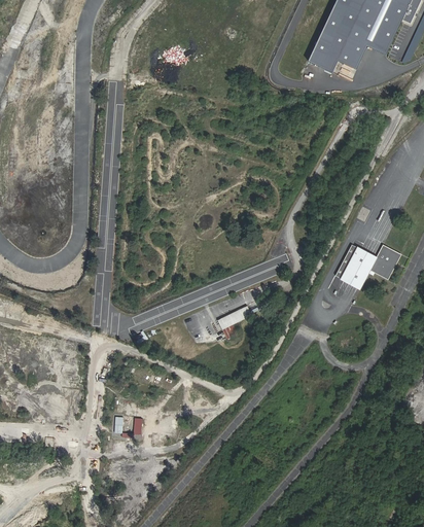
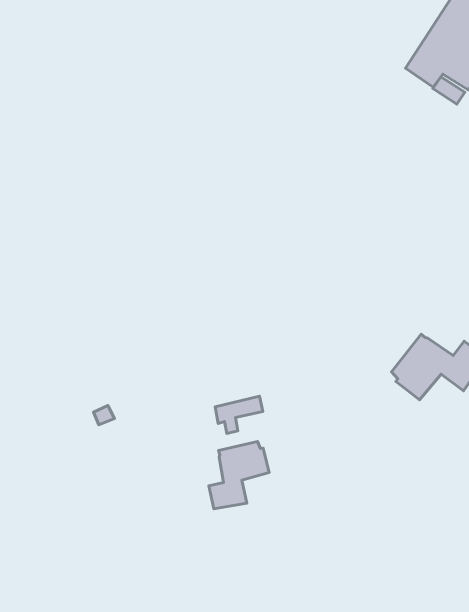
building: none -> [209,441,269,509]

